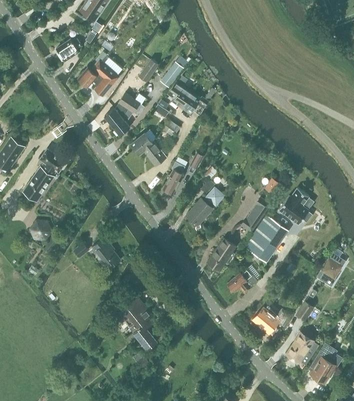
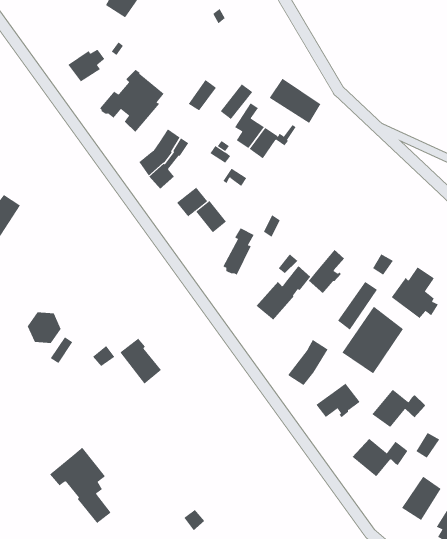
building: none -> [269,78,321,124]
building: [23,149,65,202] -> none
building: none -> [308,249,345,294]
building: none -> [371,389,426,428]
building: [113,296,156,349] -> [49,447,111,524]

